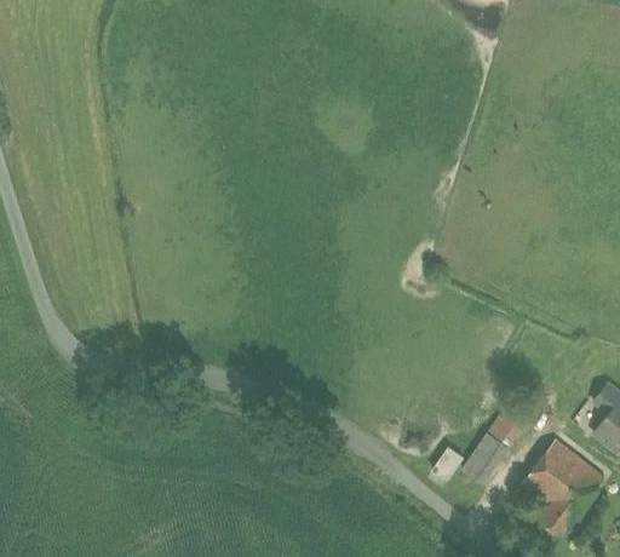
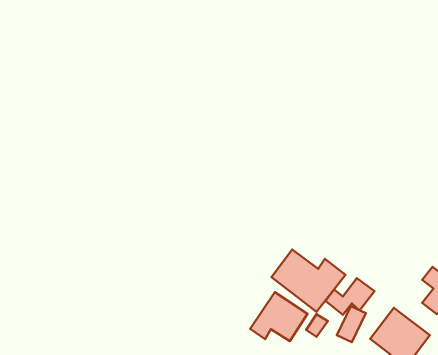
building: none -> [271,249,346,312]
building: none -> [250,292,307,341]

